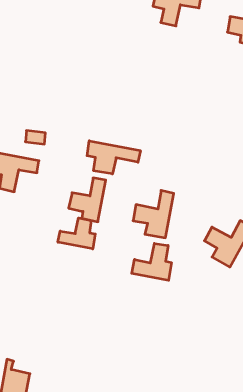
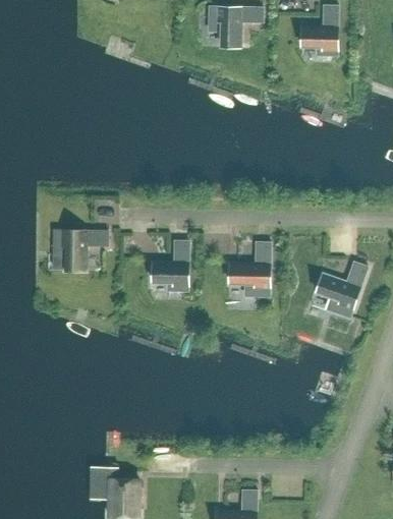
building: [87,141,140,174] -> none
building: [58,218,95,249] -> none
building: [132,243,171,280] -> none

